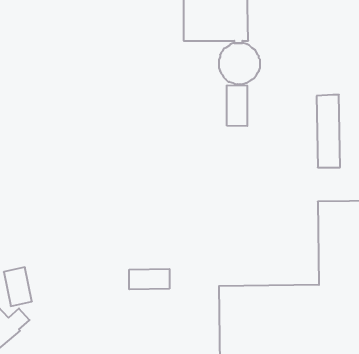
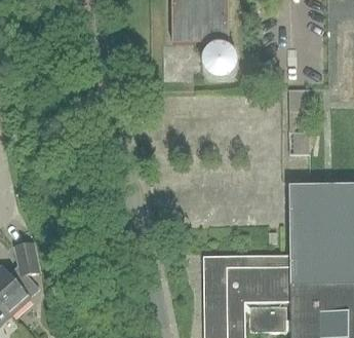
building: [227,85,247,126] -> none
building: [129,269,169,289] -> none

